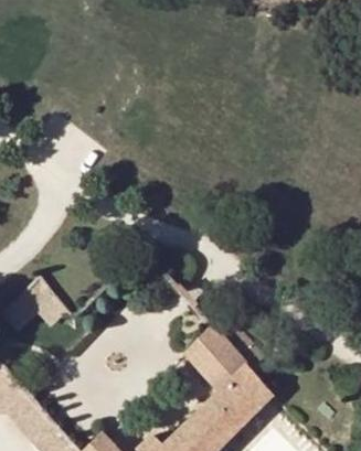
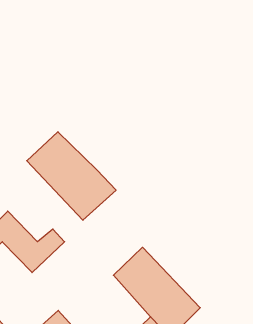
building: none -> [27,132,116,220]

